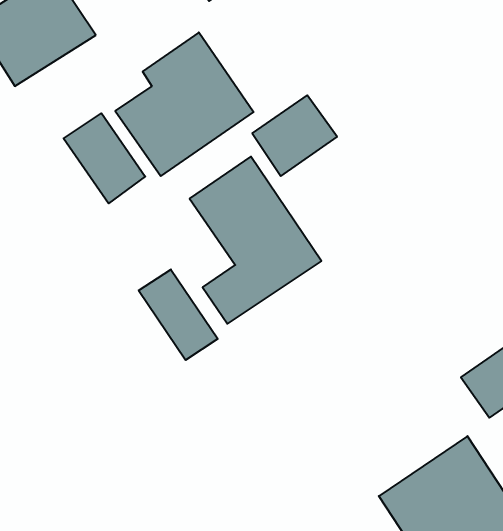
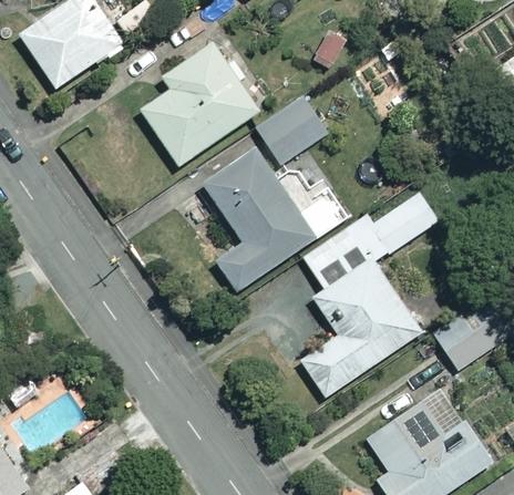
building: [64,113,145,203] -> none
building: none -> [301,190,439,396]
building: [139,269,218,360] -> none

